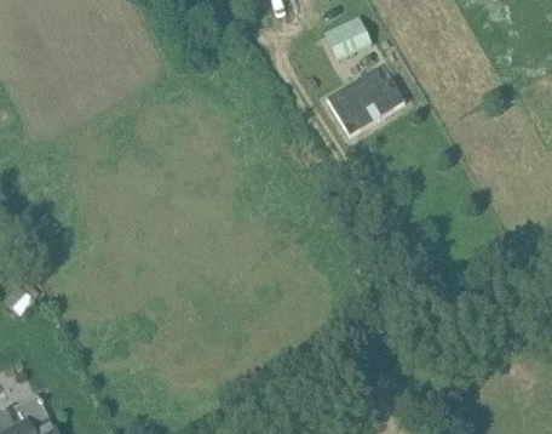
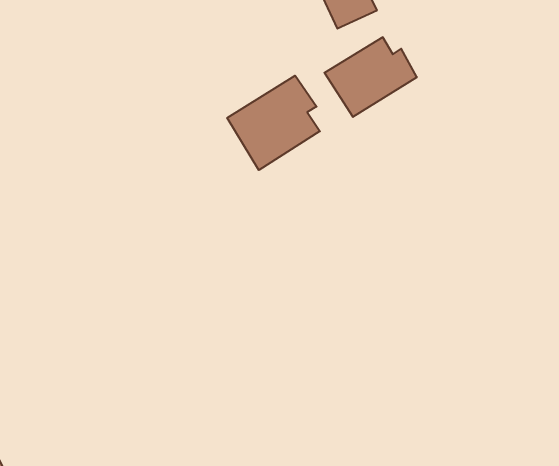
building: none -> [227,76,320,170]

